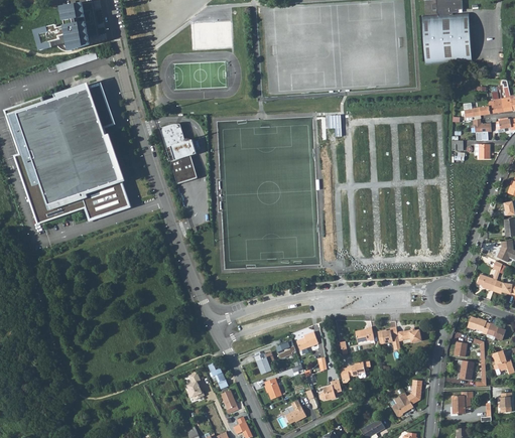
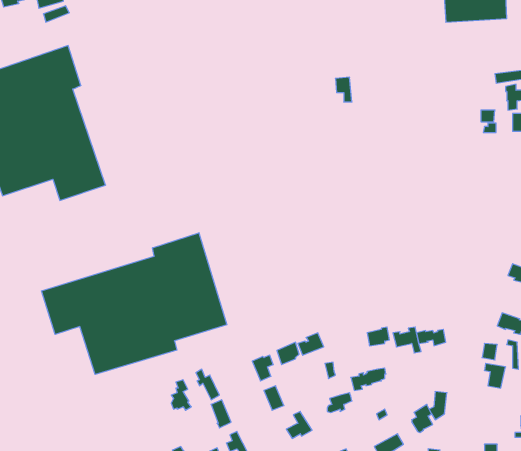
building: [160,122,197,181] -> none
building: none -> [42,233,227,374]
building: [449,391,471,414] -> none

